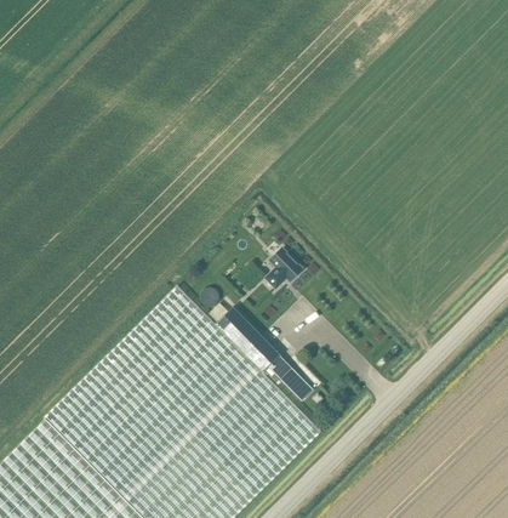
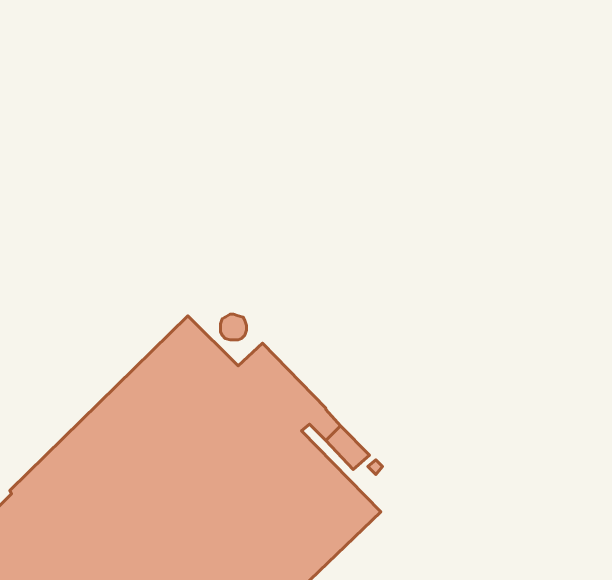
building: [263,249,301,289] -> none

